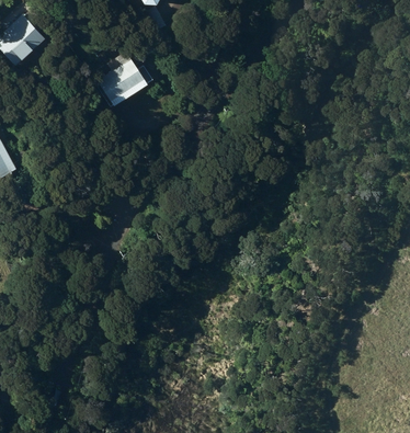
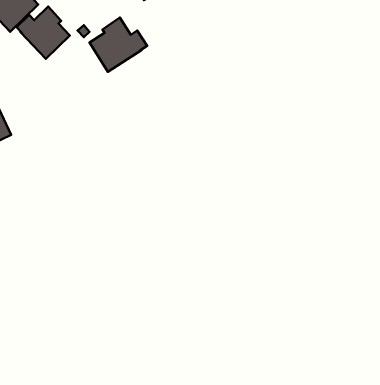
building: none -> [17,6,70,59]

